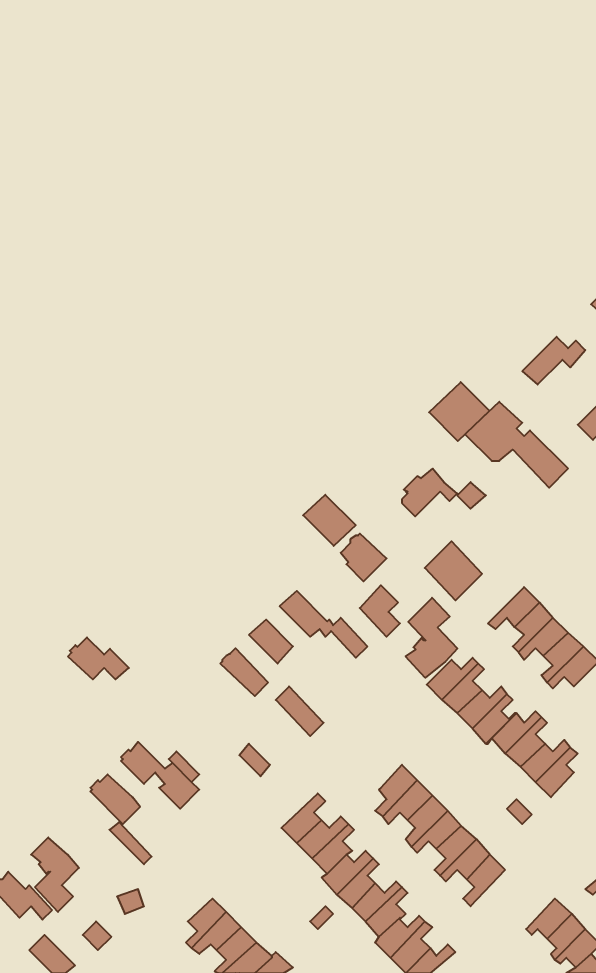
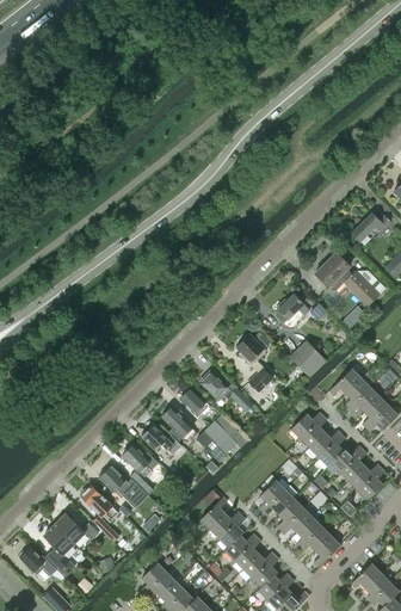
building: [429,382,489,441] -> none
building: [303,495,356,546] -> none
building: [406,598,457,678] -> none
building: [68,637,129,679] -> [122,444,160,470]
building: none -> [205,415,248,453]
building: none -> [142,425,183,456]
building: none -> [55,513,99,544]

